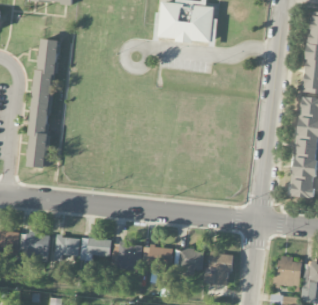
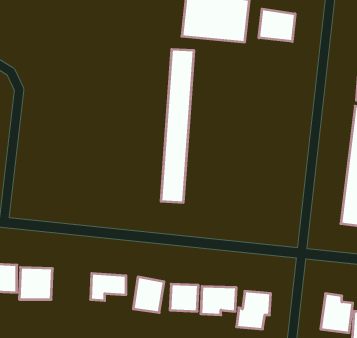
building: none -> [259,9,295,42]
building: [28,38,56,167] -> [161,49,194,202]
building: [54,235,79,260] -> none

